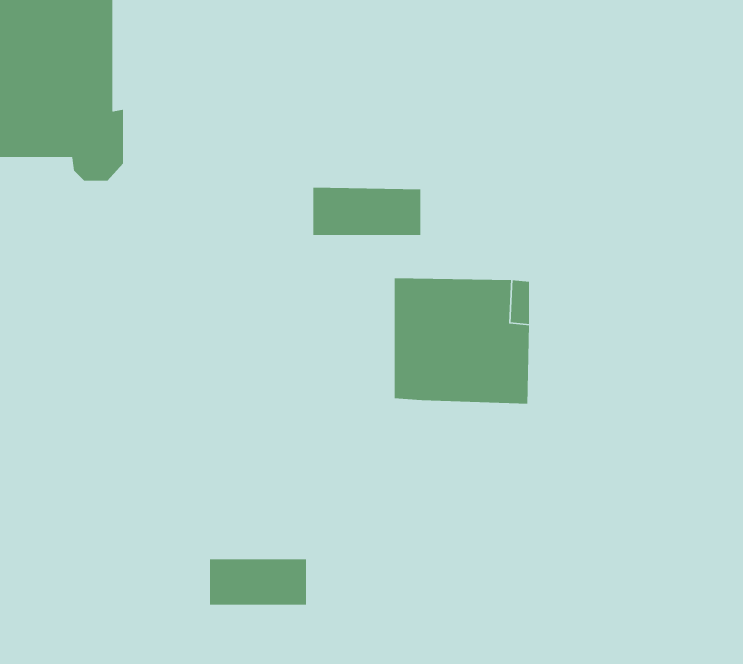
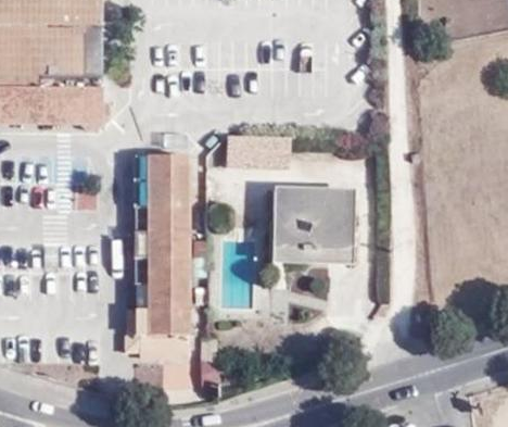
building: none -> [136,158,191,353]

